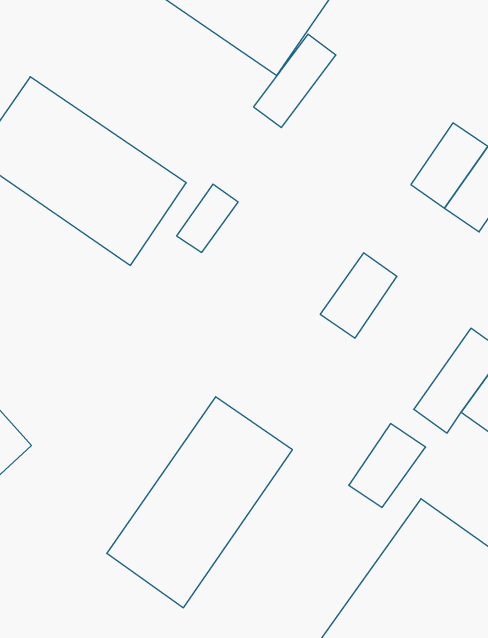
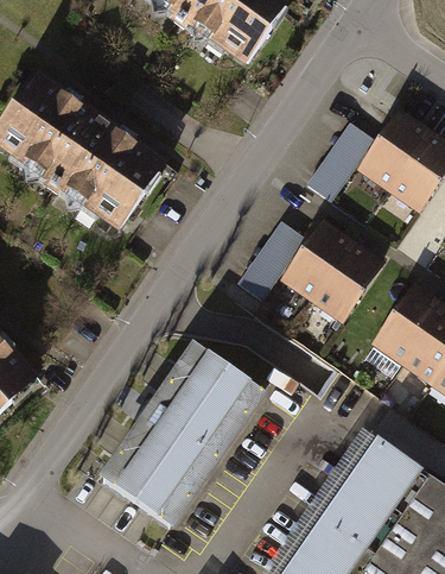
building: [254,34,336,128] -> [310,118,380,197]
building: [177,184,238,252] -> [255,219,307,277]
building: [349,424,426,507] -> [316,244,381,315]

